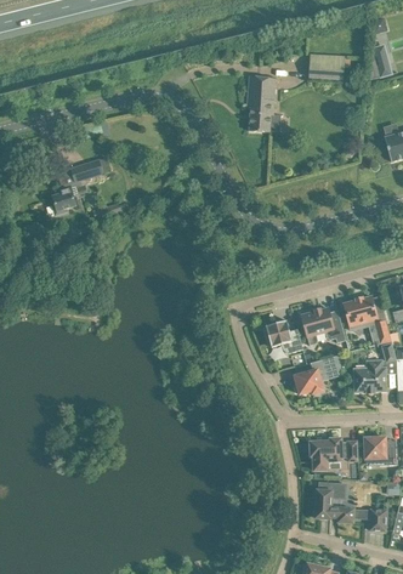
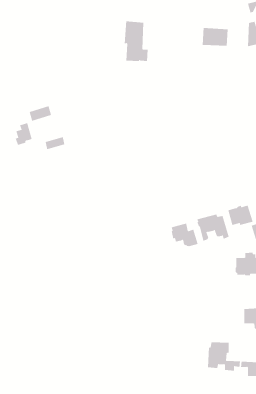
building: [246,75,280,131] -> [124,21,149,62]
building: [294,353,340,393] -> none
building: [308,438,357,468] -> none

